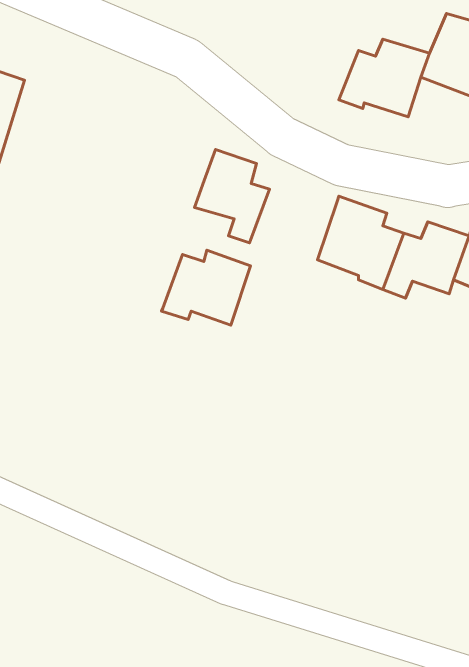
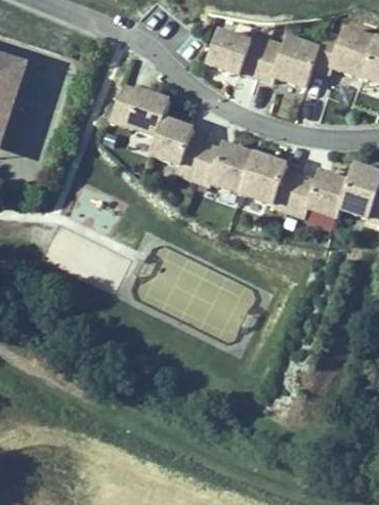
building: none -> [205,22,267,80]
building: none -> [107,83,170,135]
building: [161,250,251,325] -> [187,138,252,193]

